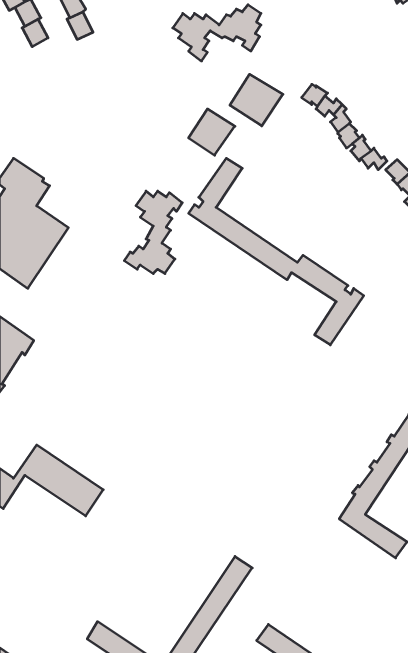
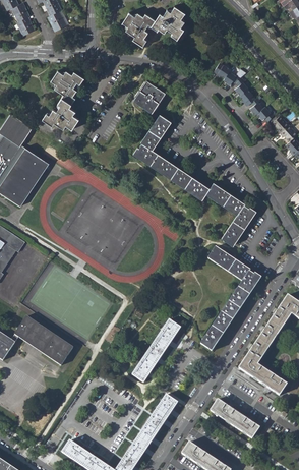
building: [230,74,283,126] -> none
building: [124,191,182,274] -> [43,70,83,128]
building: none -> [199,246,261,351]
building: none -> [132,319,181,381]
building: none -> [211,399,259,438]

